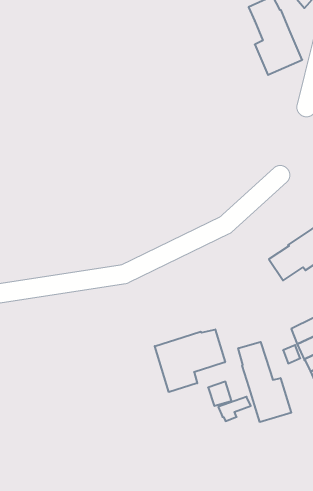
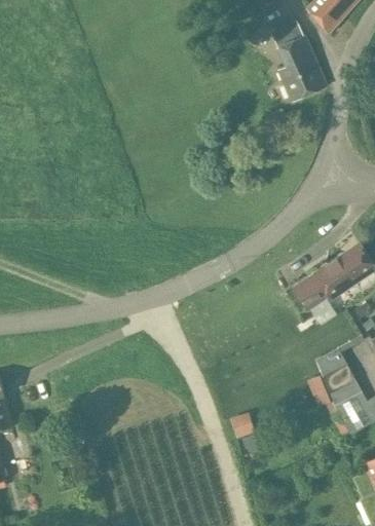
building: [155,329,225,392] -> none
building: [238,342,291,422] -> none

